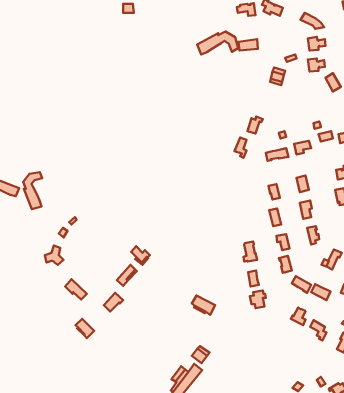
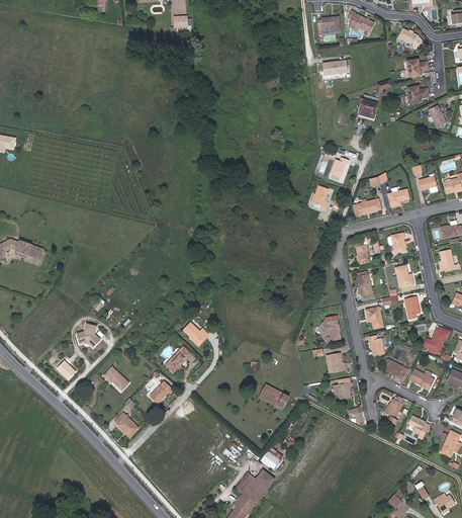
building: [197,32,238,54] -> none
building: [23,172,42,209] -> none

